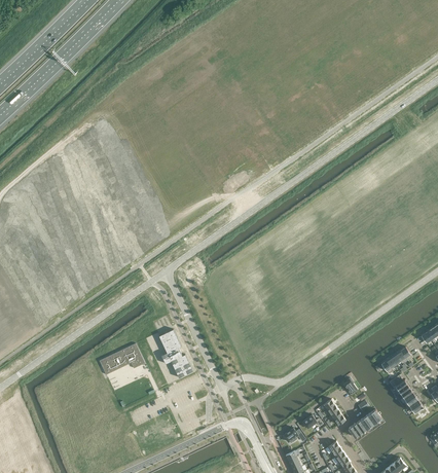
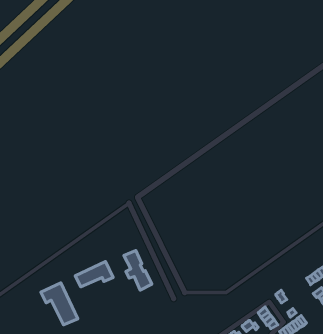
building: none -> [41,283,78,325]

